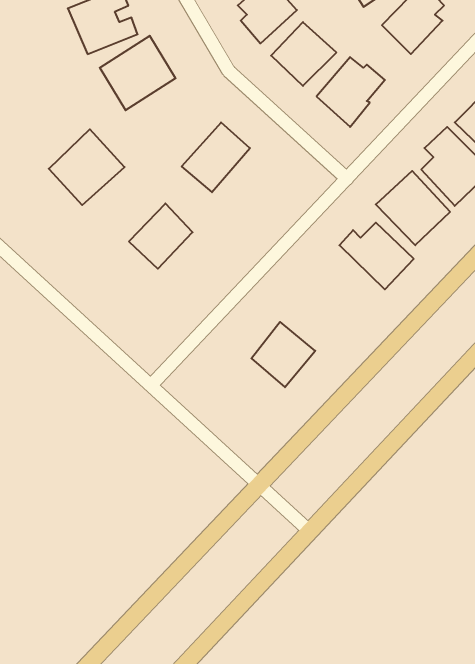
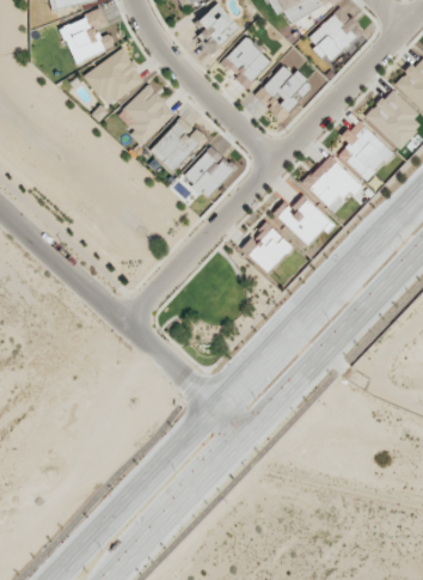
building: [49,129,125,205] -> [116,84,176,144]
building: [129,203,193,269] -> [183,146,233,197]
building: [251,322,315,387] -> [241,221,292,273]

